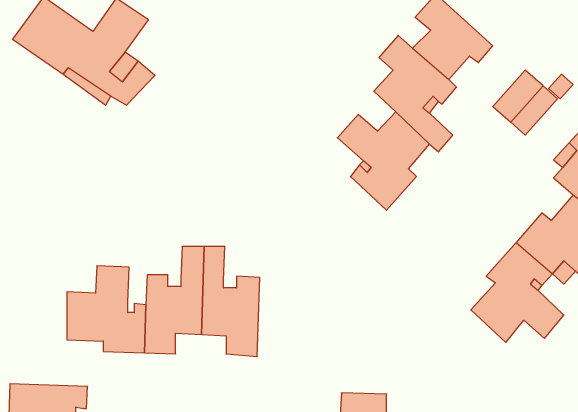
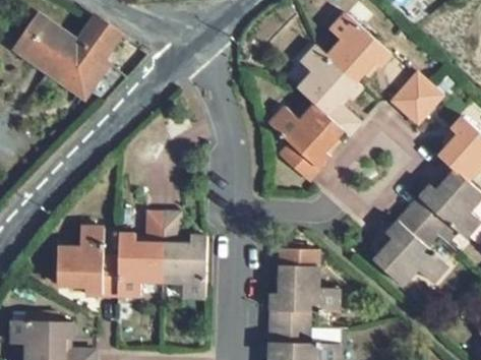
building: none -> [269,248,337,326]

